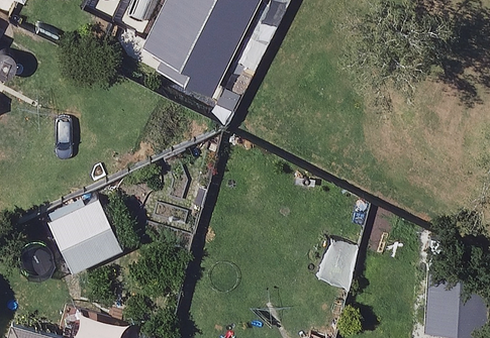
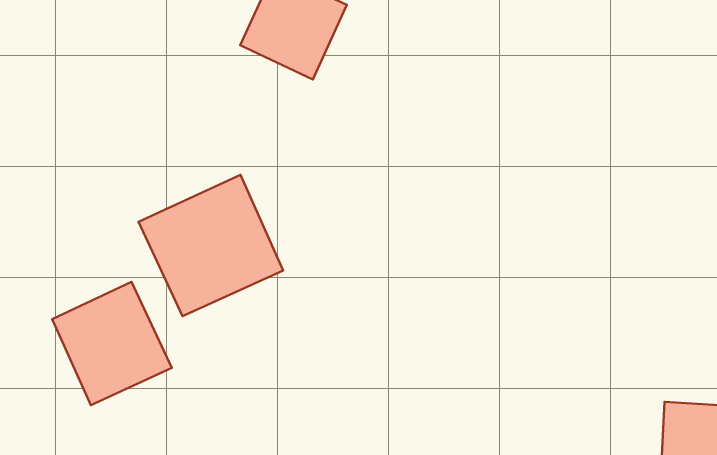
building: none -> [138,175,283,316]

